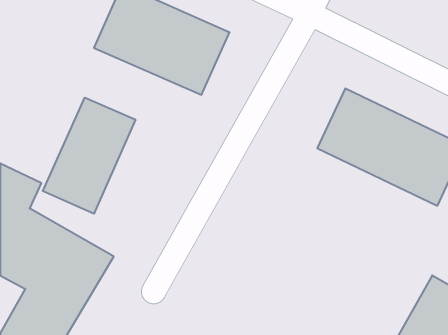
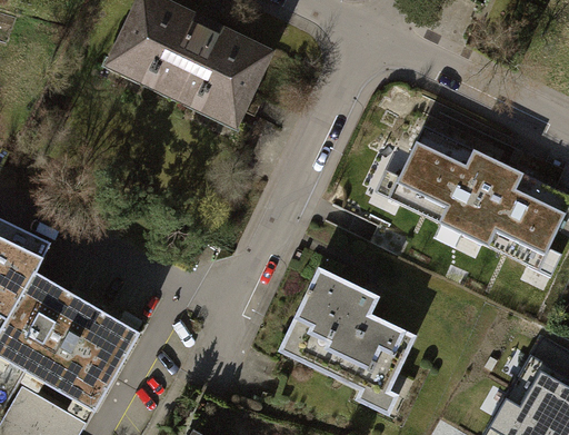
building: [43,98,135,214] -> none
building: none -> [276,275,413,405]

